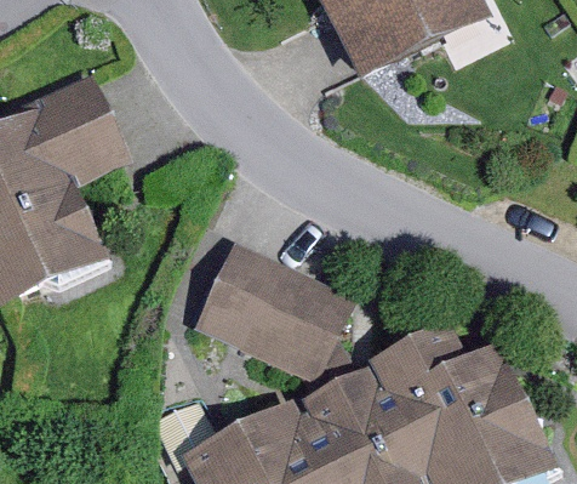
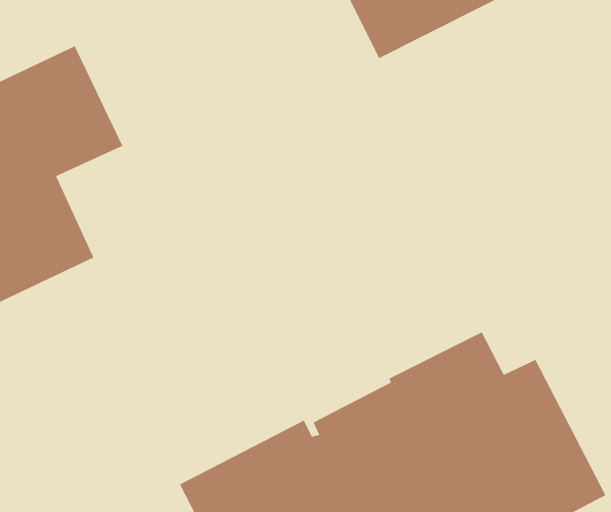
building: [195,239,356,377] -> none

